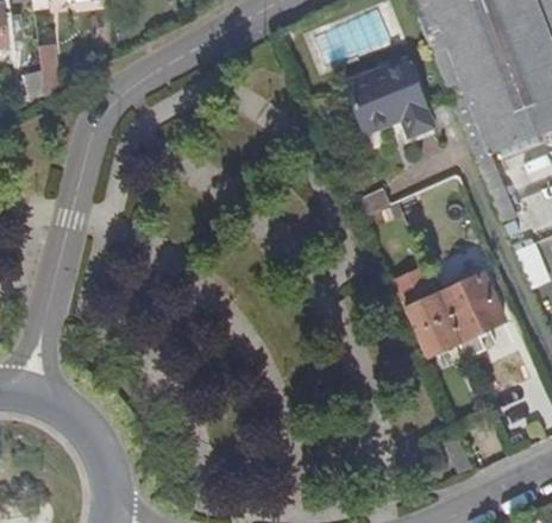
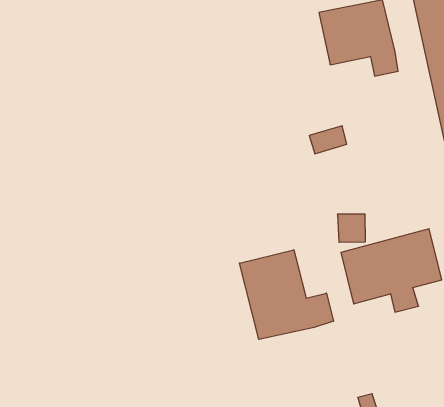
building: none -> [239,250,334,339]

